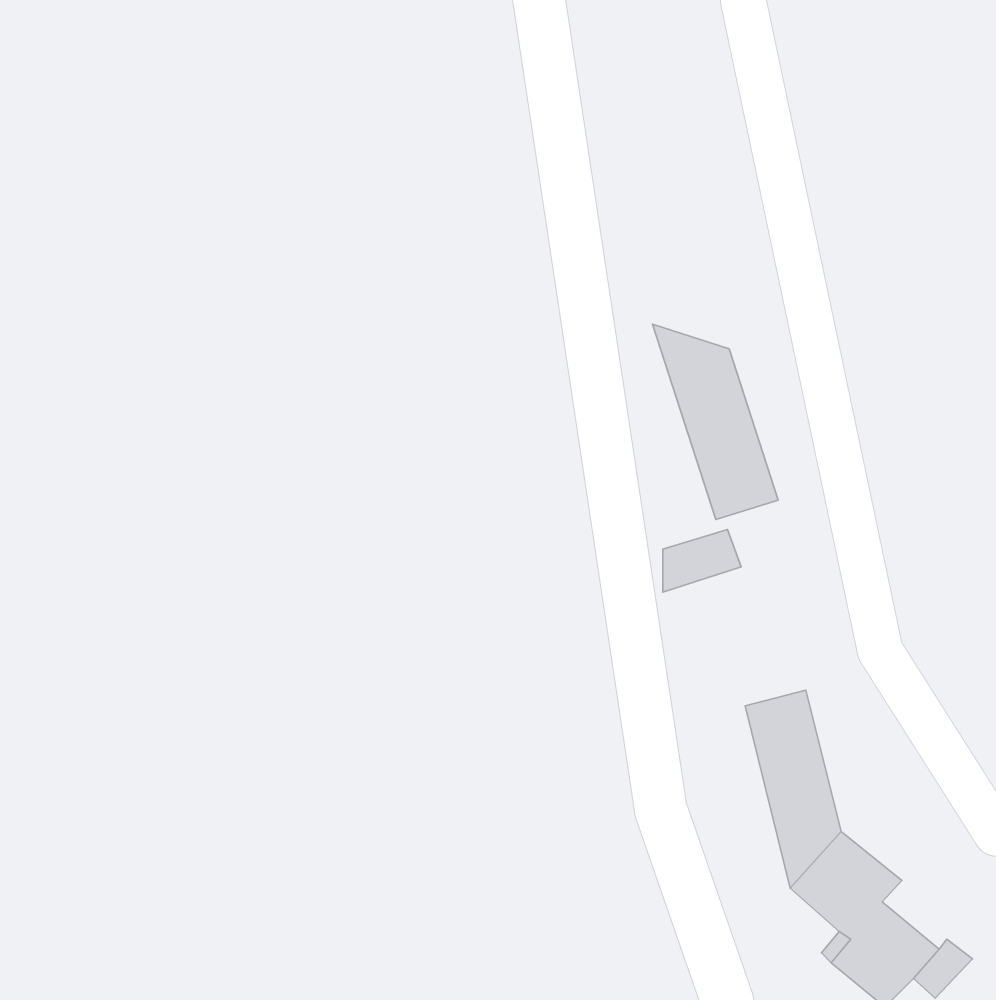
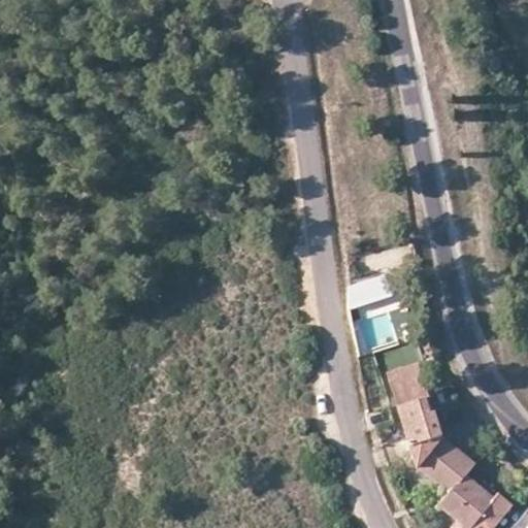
building: [652,324,778,520] -> none

